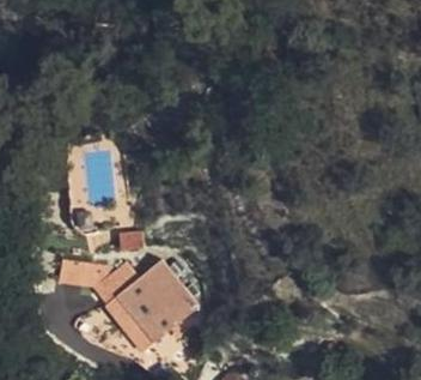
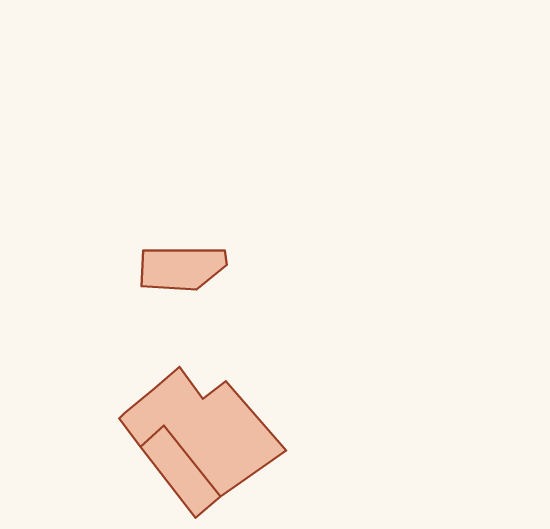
building: [60,260,117,286] -> [142,251,227,290]

